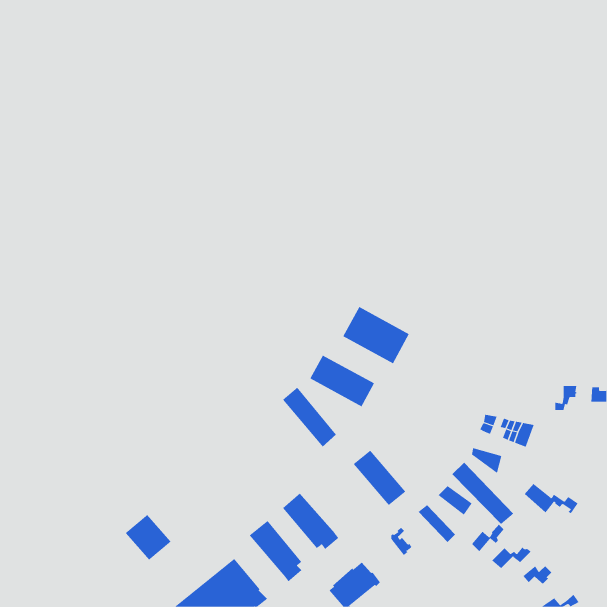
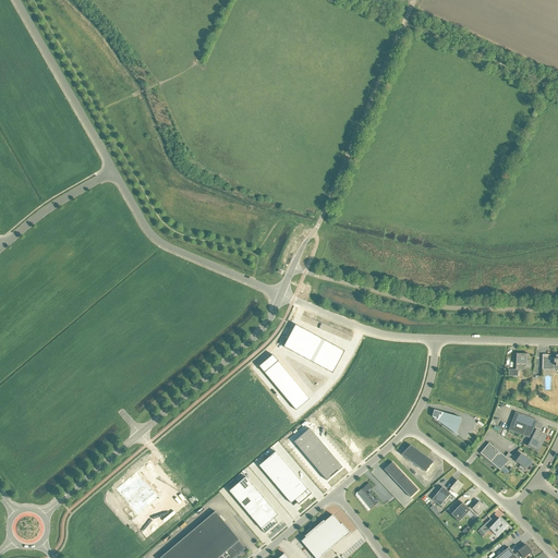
building: [343,306,410,364] -> none
building: none -> [508,411,545,450]
building: [353,450,406,506] -> [293,428,342,480]
building: [451,462,514,525] -> none

